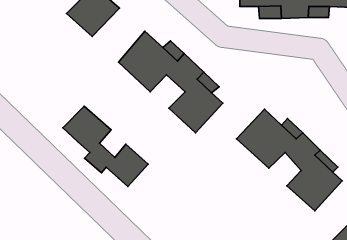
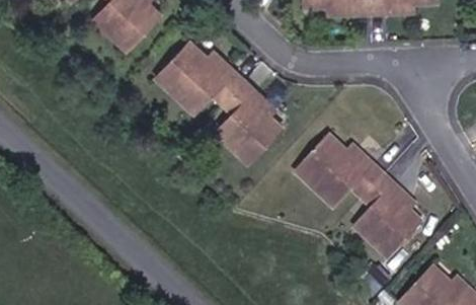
building: [63,106,148,187] -> none

